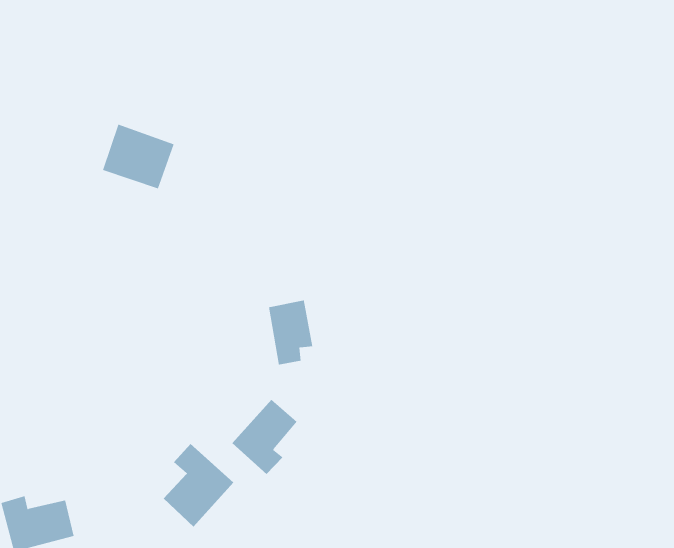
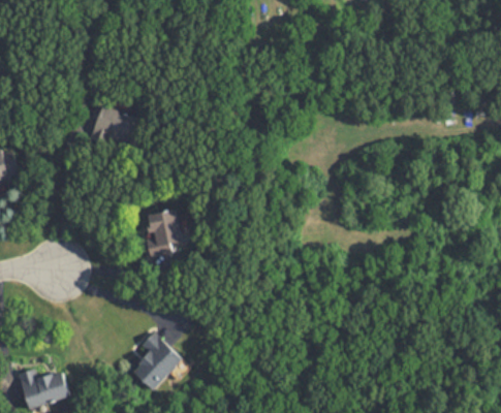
building: [268,300,313,365] -> [147,209,179,255]
building: [232,399,298,475] -> none

